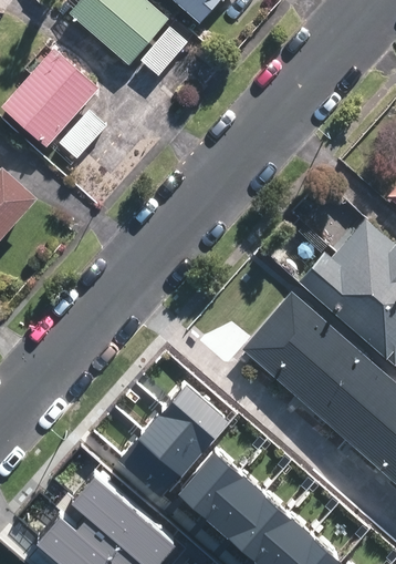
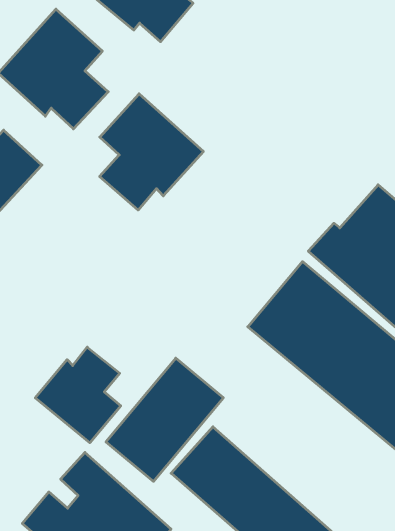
building: none -> [100,94,203,210]
building: none -> [35,347,121,443]

